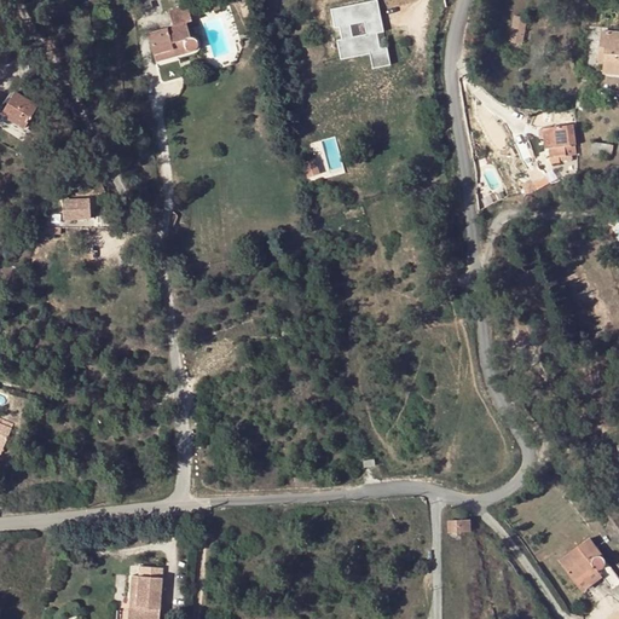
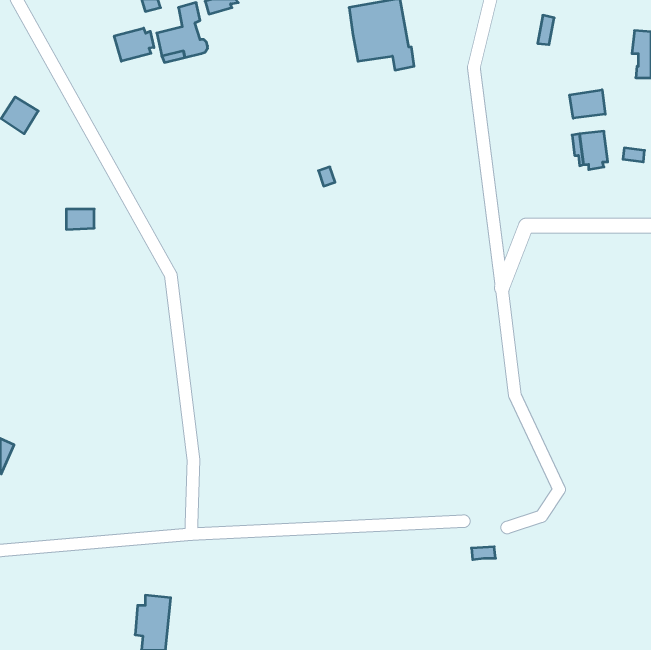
building: none -> [114,28,154,61]
building: none -> [570,90,605,118]
building: [560,538,612,590] -> none

